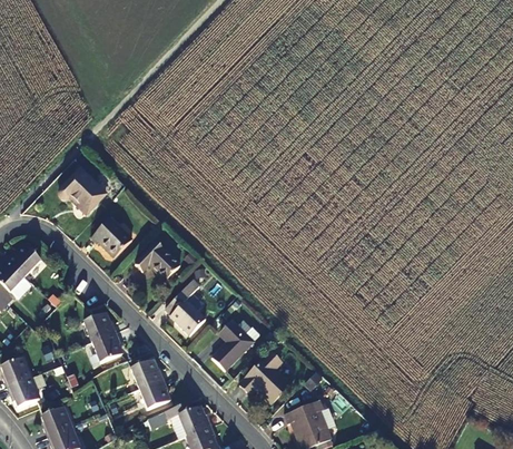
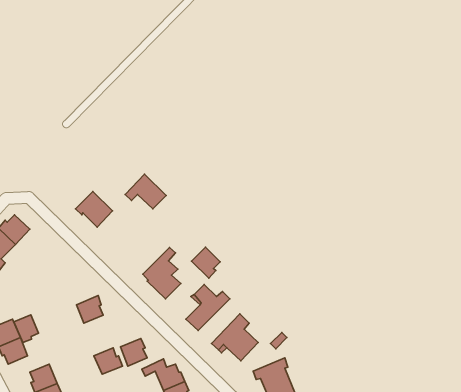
building: [59,169,106,213] -> none
building: [136,242,180,280] -> [125,174,166,209]
building: none -> [191,247,220,278]
building: [83,312,116,342] -> none
building: none -> [14,315,39,343]
building: [131,359,162,388] -> [94,348,122,374]

